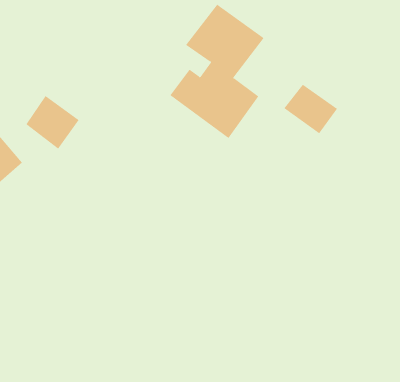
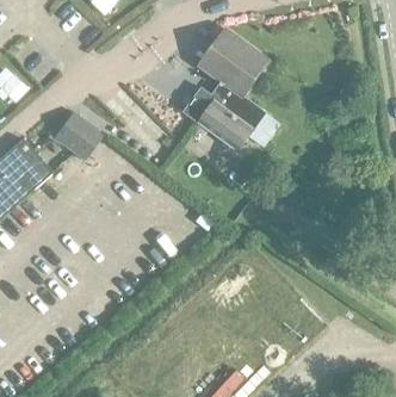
building: [284,84,338,134] -> none

